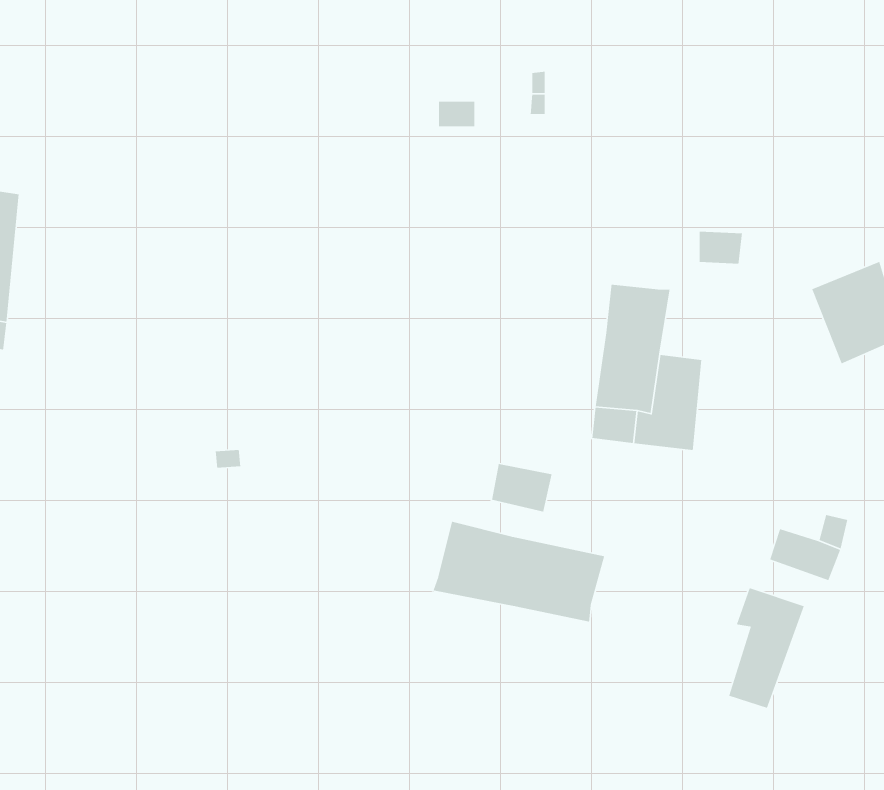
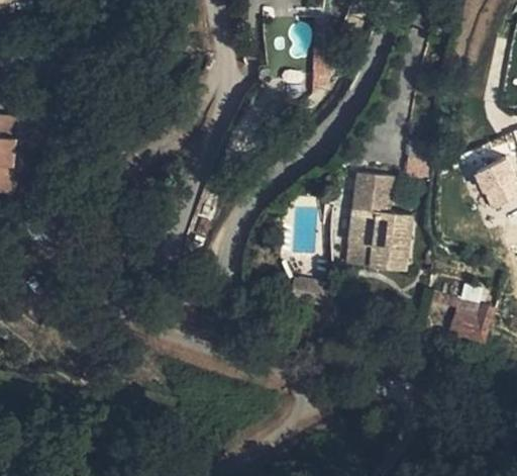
building: [432,521,605,623] -> none
building: [728,587,805,709] -> none

